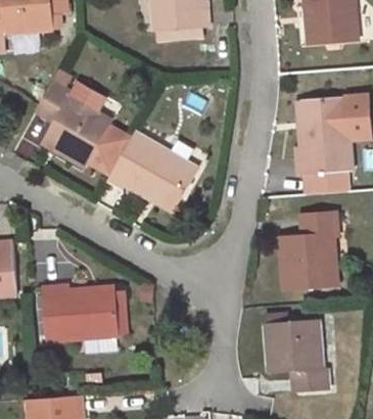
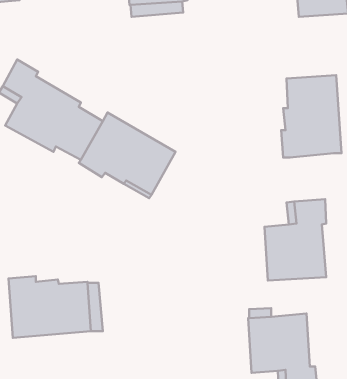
building: [304,169,346,193] -> none

